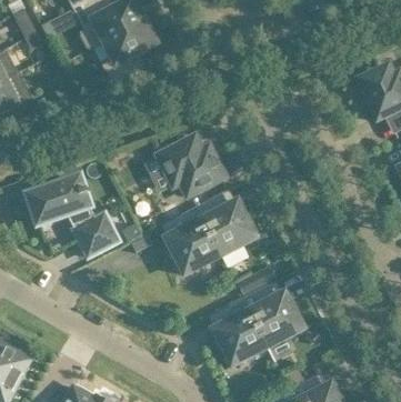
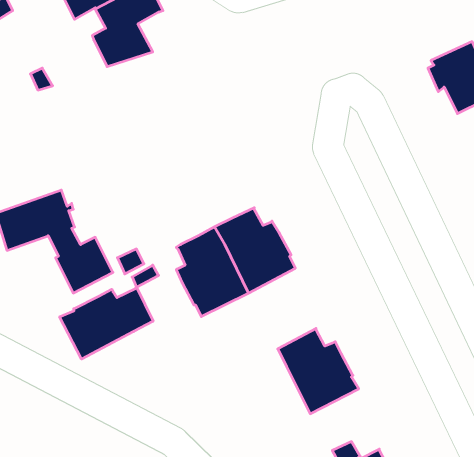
building: [159,135,224,194] -> none
building: none -> [60,287,153,359]
building: [212,298,267,364] -> none

